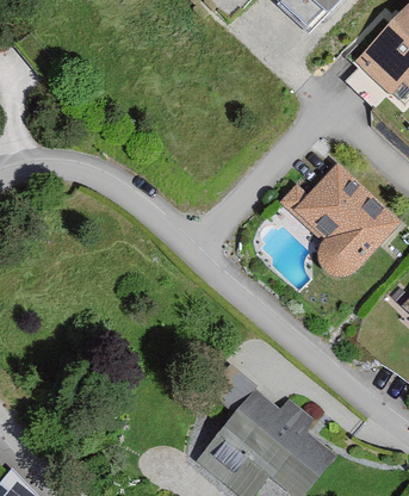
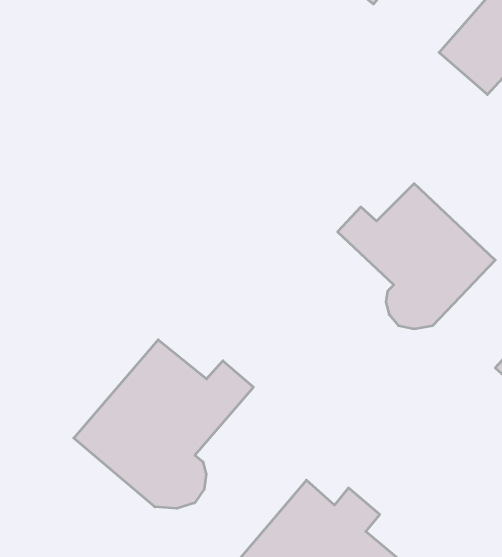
building: none -> [74,340,253,508]

